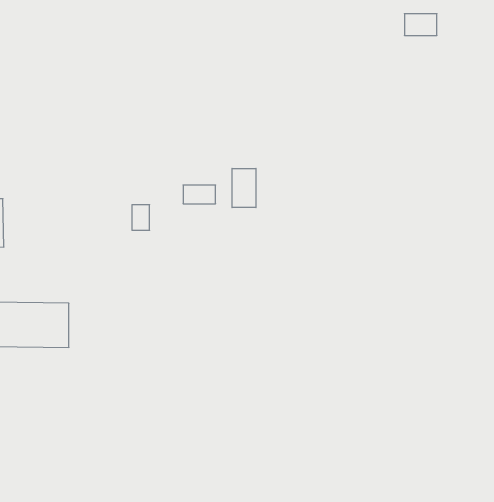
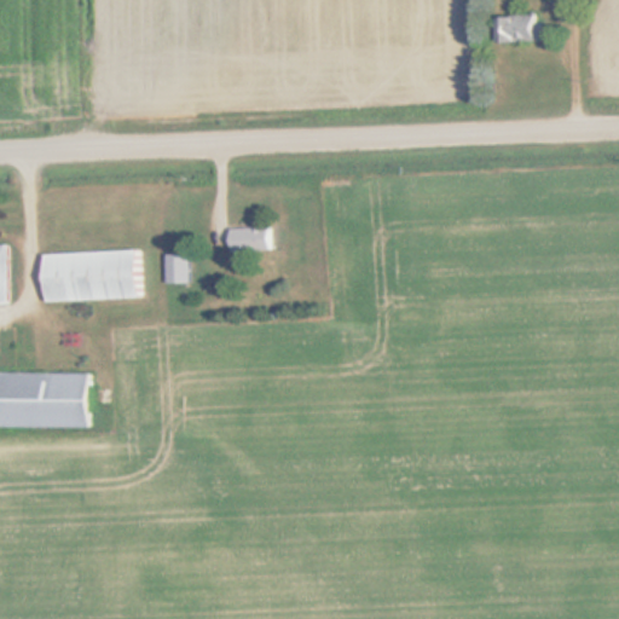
building: [232,168,256,208] -> none
building: none -> [42,249,137,300]

